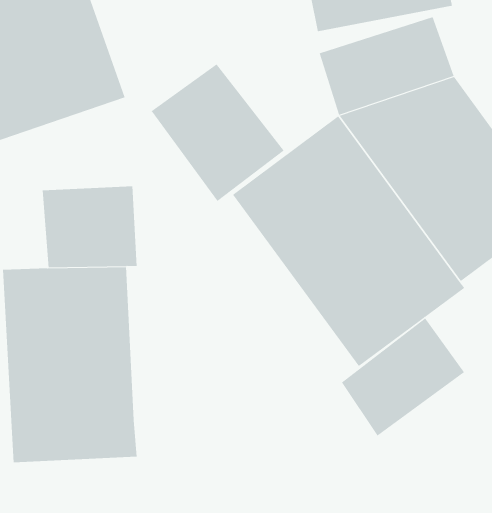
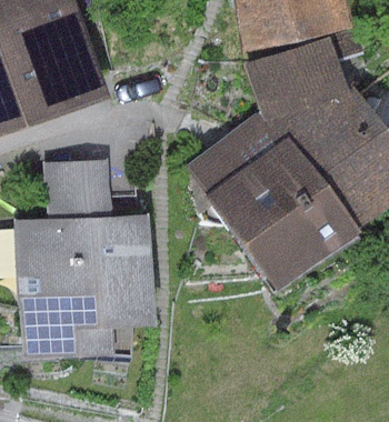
building: [151,64,285,202] -> none
building: none -> [107,215,159,330]
building: [341,317,465,436] -> none

